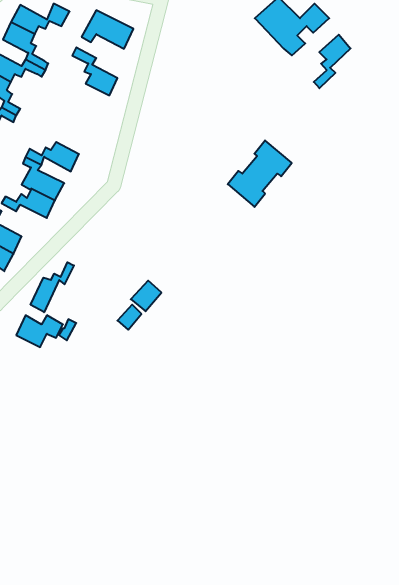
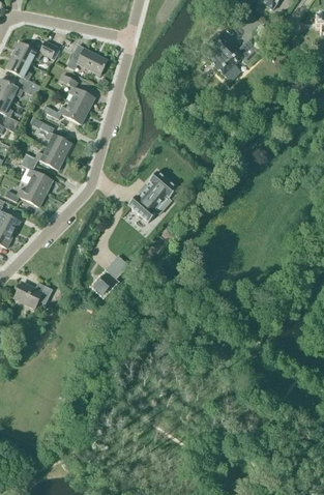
building: [314,35,351,88] -> none
building: none -> [42,101,88,123]
building: none -> [39,121,71,156]
building: [228,140,292,207] -> [127,170,177,222]
building: [31,262,74,312] -> none

